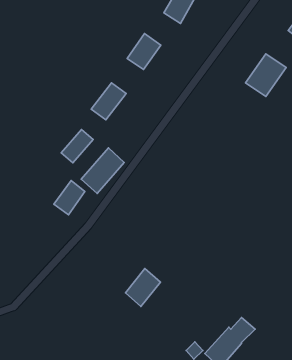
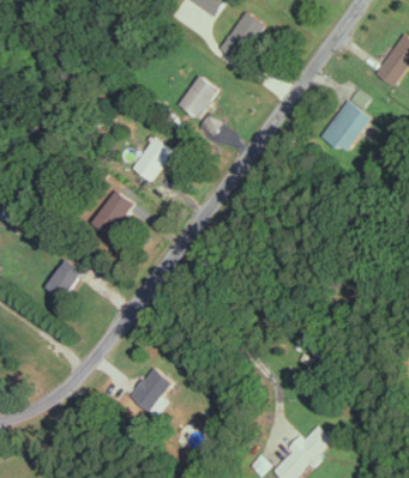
building: [81,148,124,194] -> none
building: [54,181,85,215] -> [44,258,83,299]
building: [125,269,160,307] -> [130,365,173,412]

